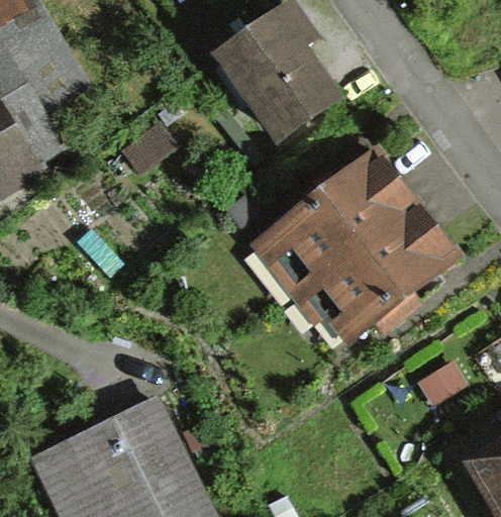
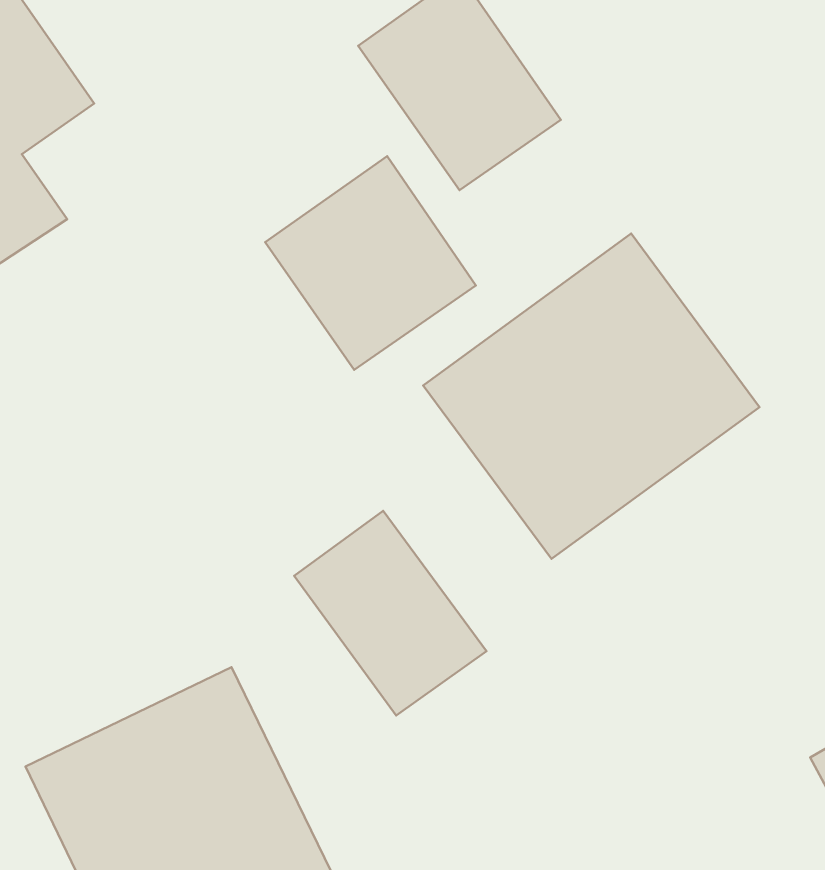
building: none -> [265,156,476,370]
building: none -> [294,511,487,716]

